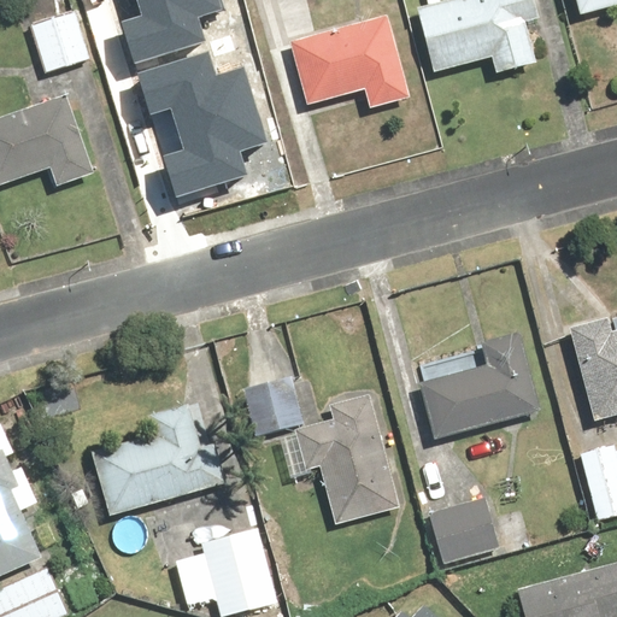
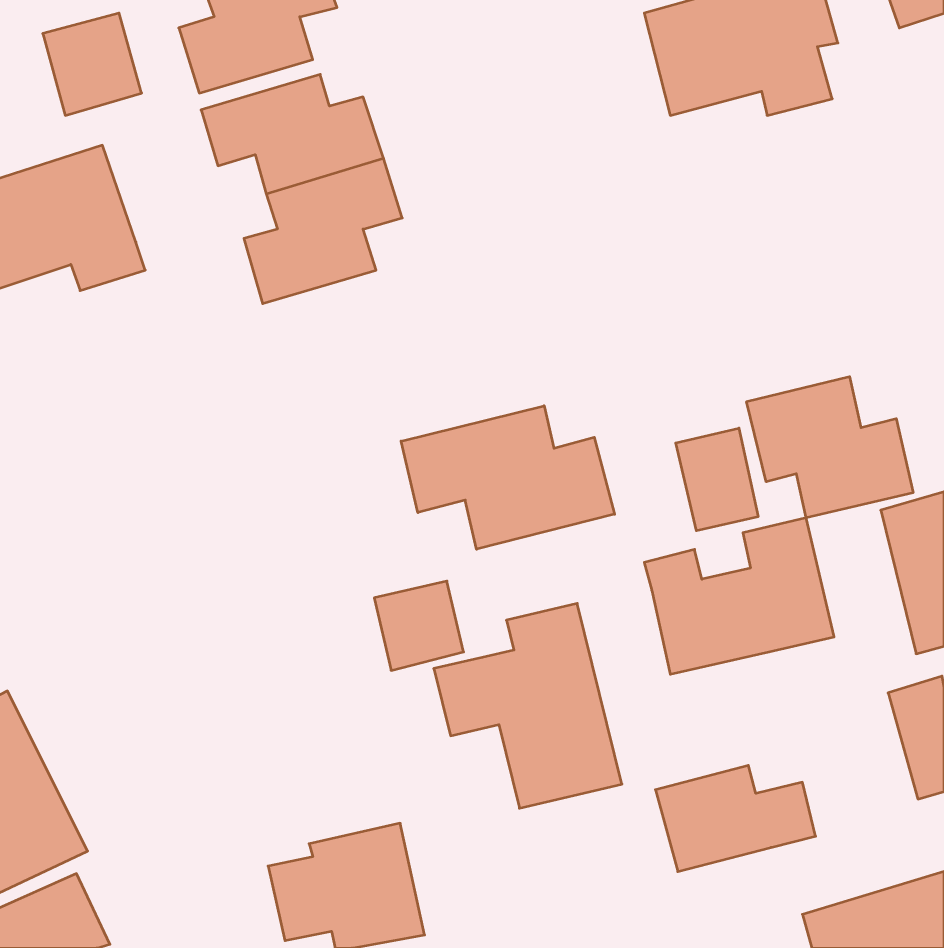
building: [269,16,412,113] -> none
building: none -> [747,377,913,518]
building: none -> [401,406,615,549]
building: none -> [676,428,758,531]
building: [93,399,227,518] -> none

